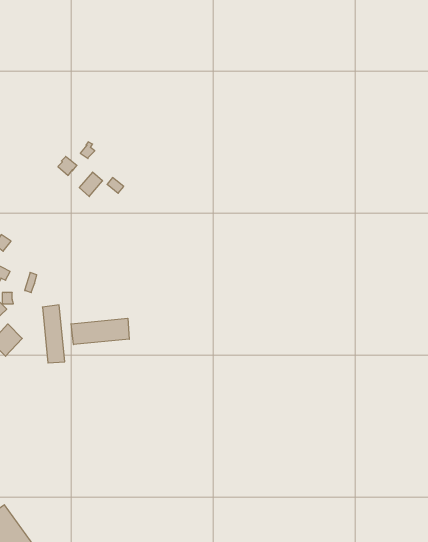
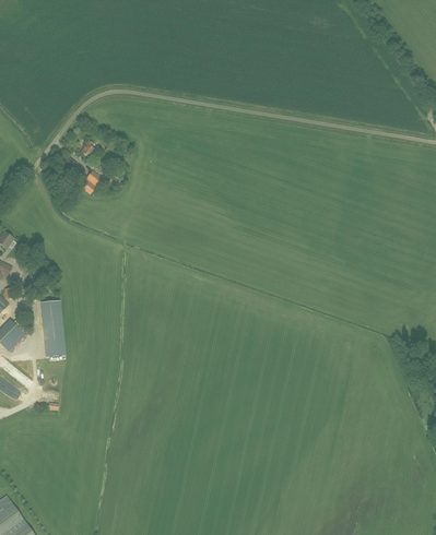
building: [71,318,129,345] -> none

